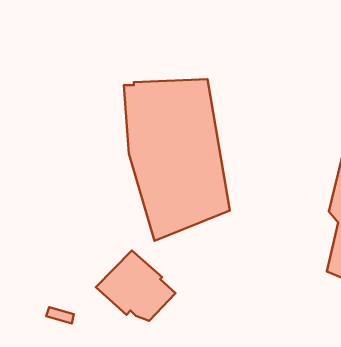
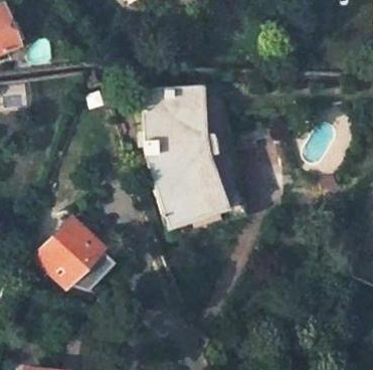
building: [96,251,176,321] -> [35,221,114,291]

